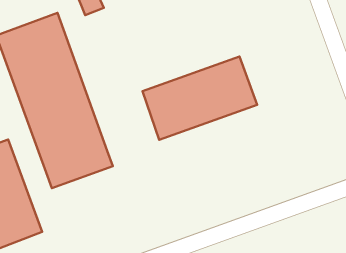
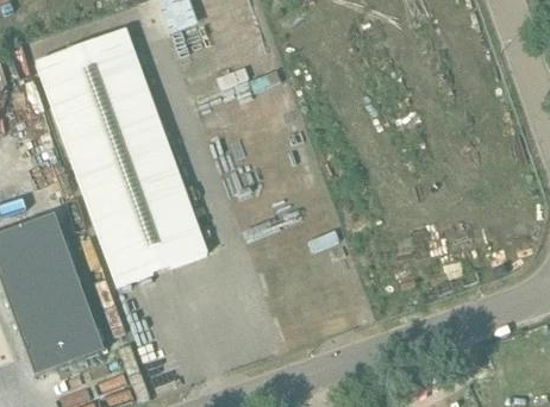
building: [142,56,257,140] -> none

